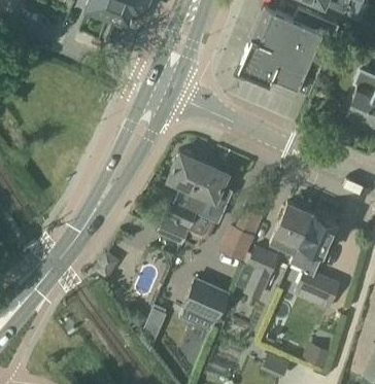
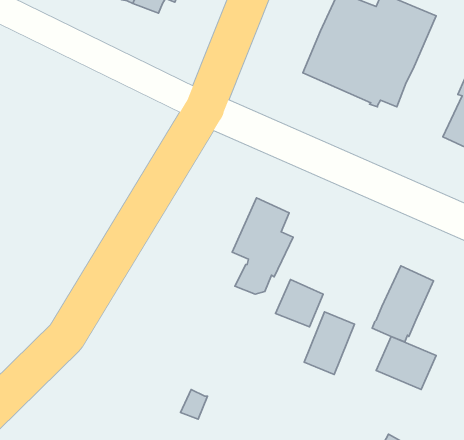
building: [158,152,205,244] -> none
building: [272,204,314,255] -> none
building: [180,280,228,329] -> none

